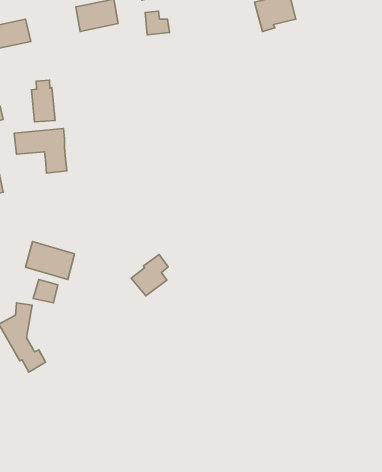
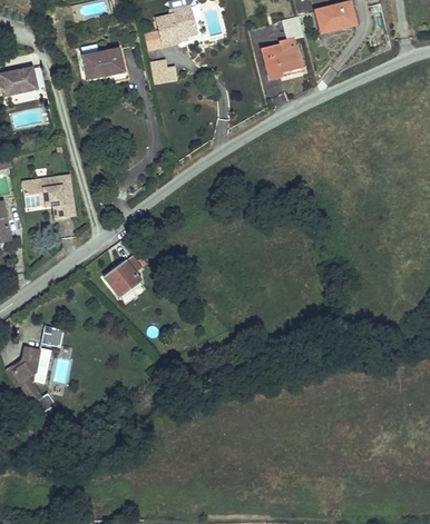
building: [32,80,55,122] -> none
building: [26,241,75,280] -> none
building: [131,255,168,296] -> [105,255,141,296]

